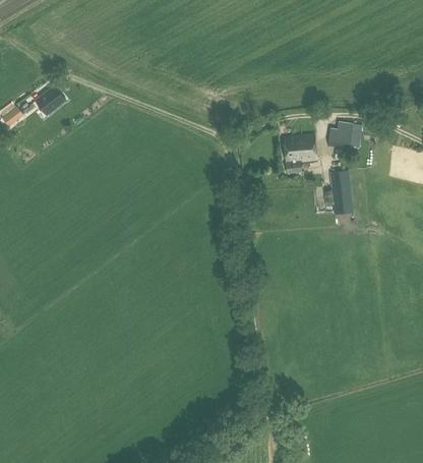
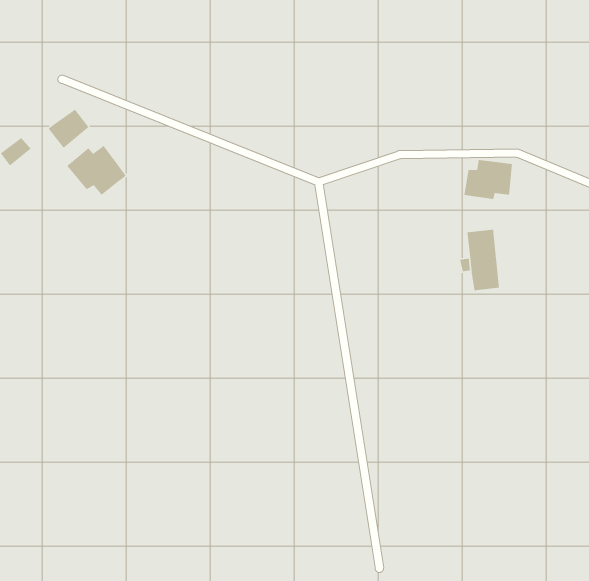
building: none -> [66,145,127,196]
building: [284,133,317,172] -> none

